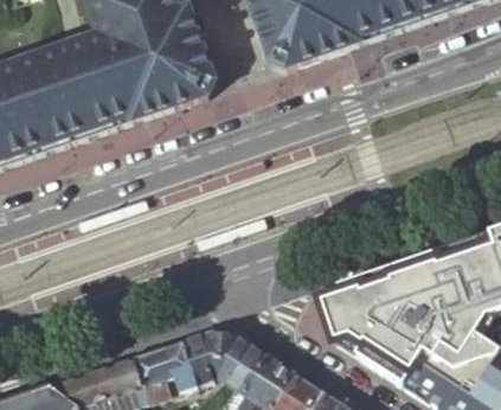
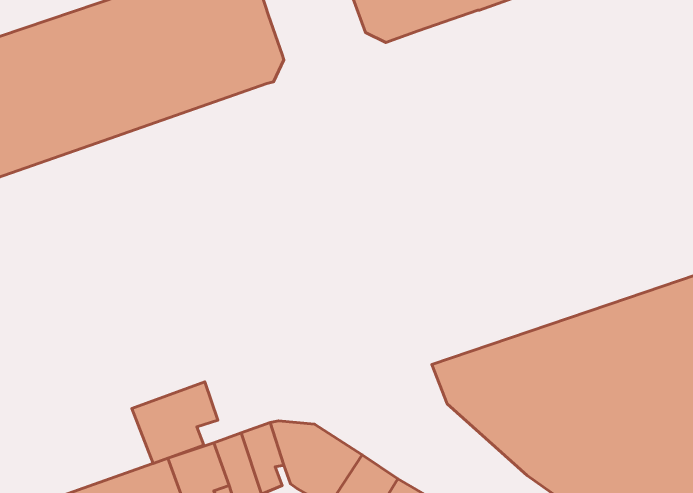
building: none -> [132,382,218,464]

